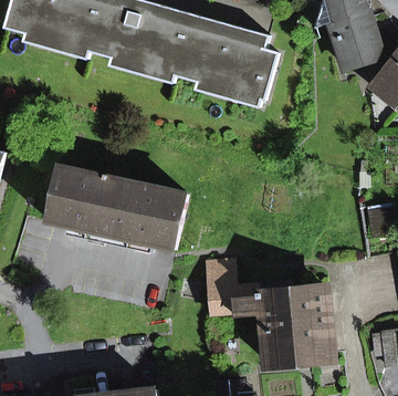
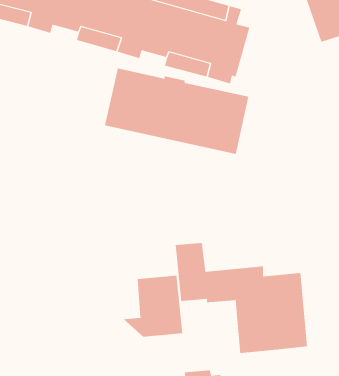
building: [50,168,188,251] -> [104,68,249,154]
building: none -> [122,275,183,338]

